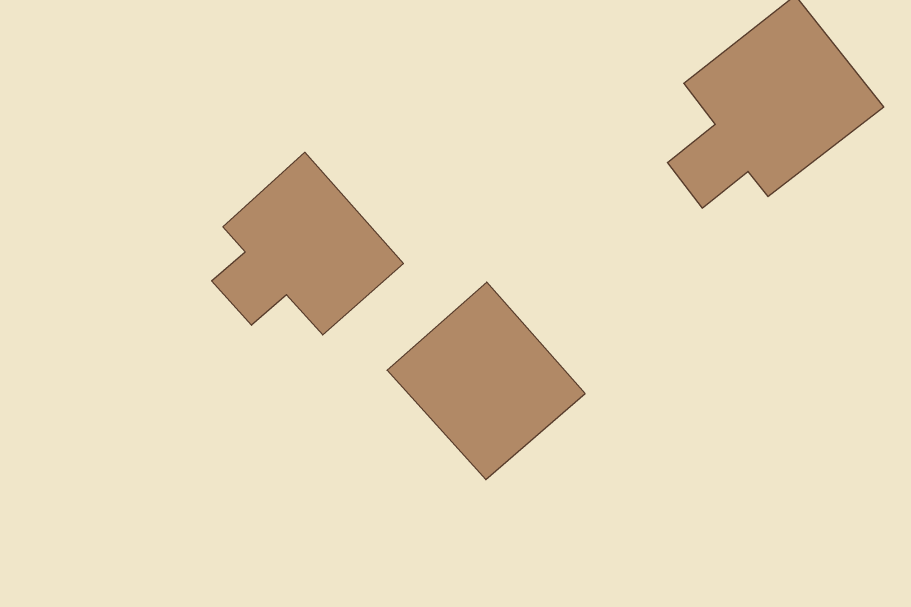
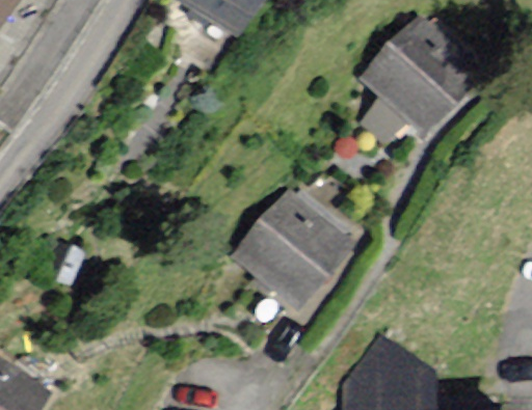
building: [212,152,403,335] -> none

